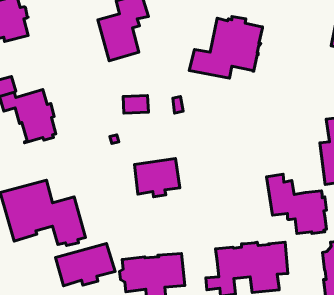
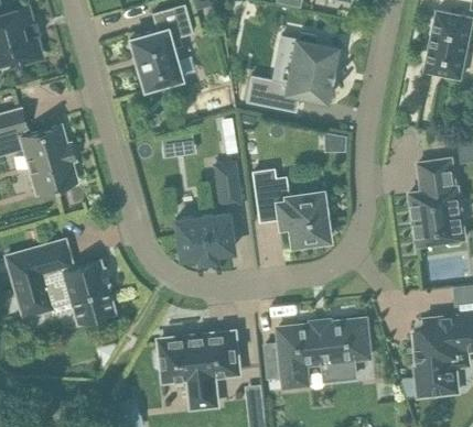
building: none -> [215,164,239,206]
building: [266,174,327,234] -> [252,171,329,245]
building: [56,243,115,286] -> none

